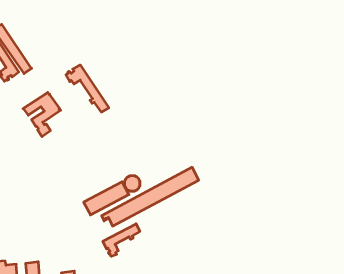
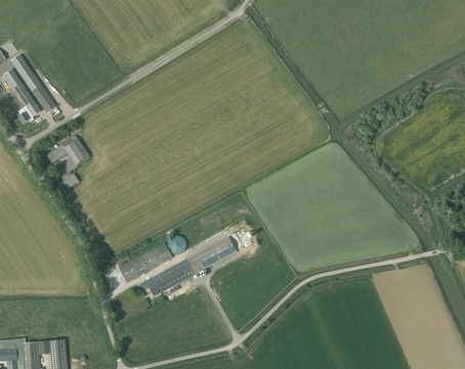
building: [66,65,109,112] -> none
building: [103,224,140,256] -> none

